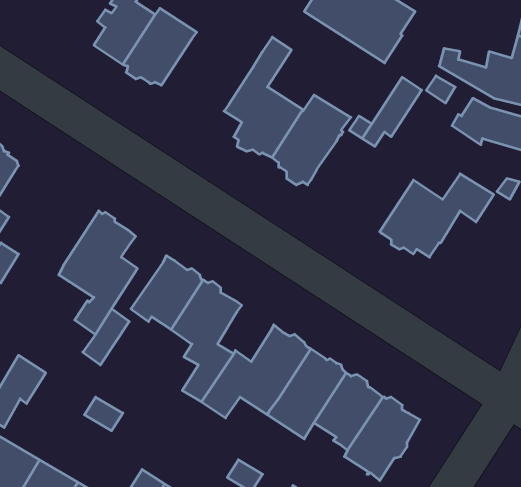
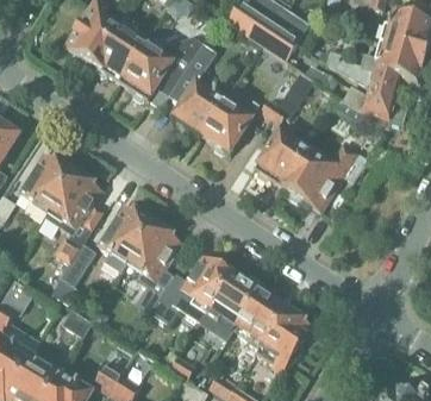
building: none -> [120,36,202,99]
building: none -> [255,130,307,186]
building: none -> [20,153,74,211]

